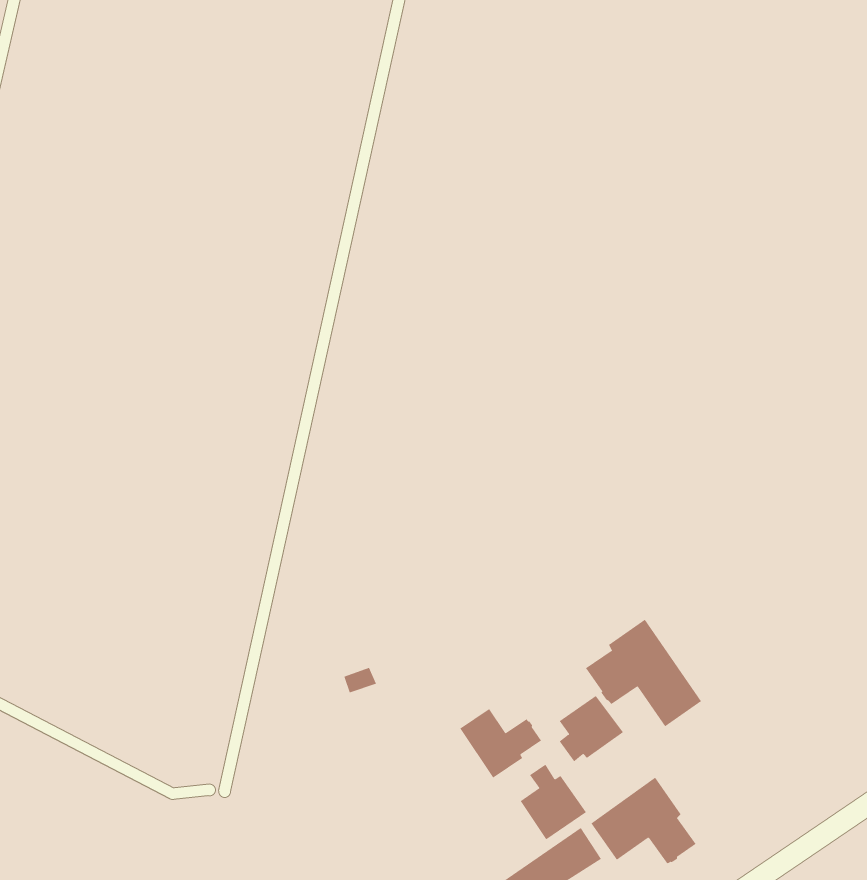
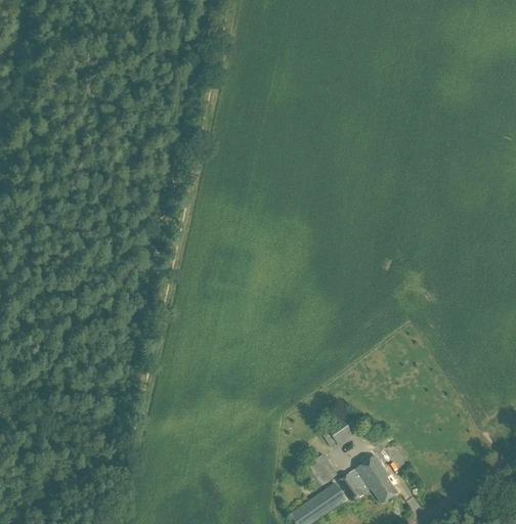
building: [585,619,702,727] -> none
building: [460,708,542,779] -> none

